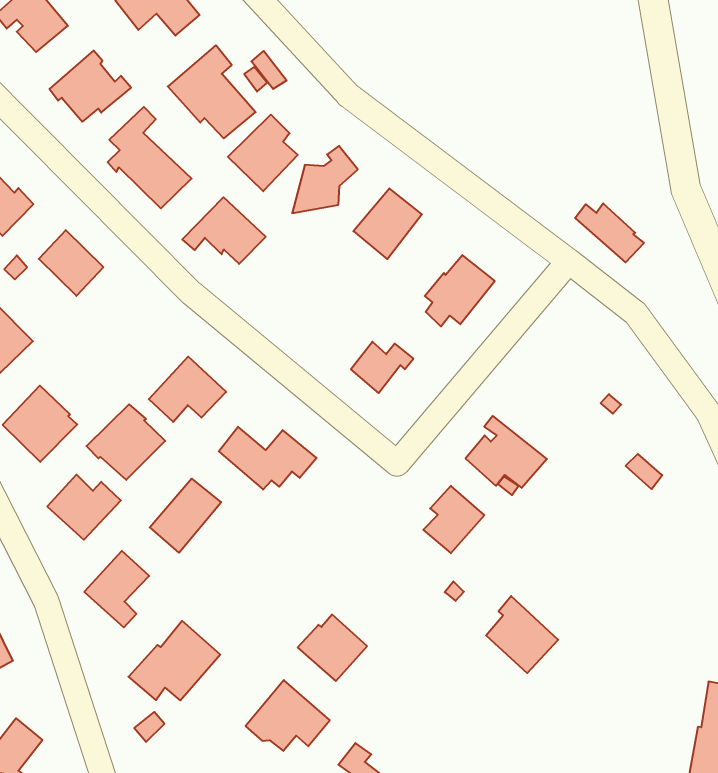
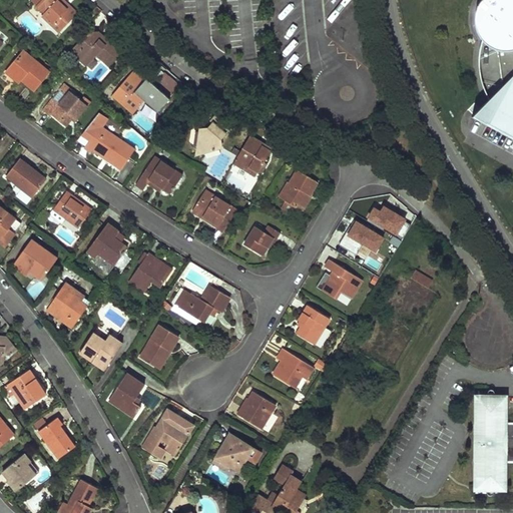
building: [228,115,298,191] -> none
building: [575,203,644,262] -> [370,207,412,239]
building: none -> [191,191,235,231]
building: none -> [339,222,384,255]
building: [86,404,165,480] -> [86,224,131,269]
building: [486,596,558,673] -> [274,348,316,391]

